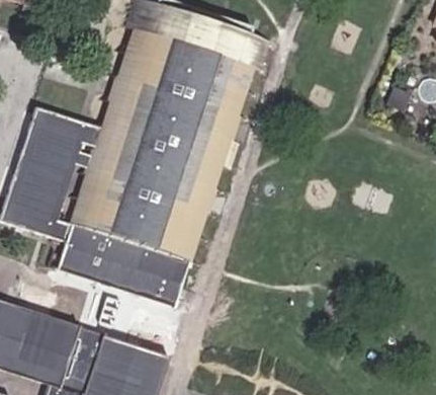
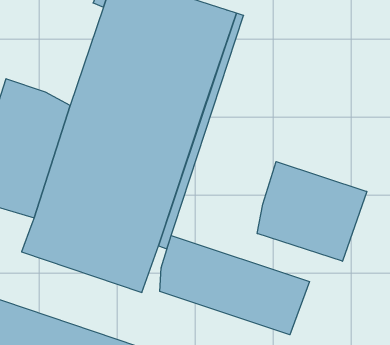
building: none -> [257,162,367,261]
building: none -> [160,235,310,335]

